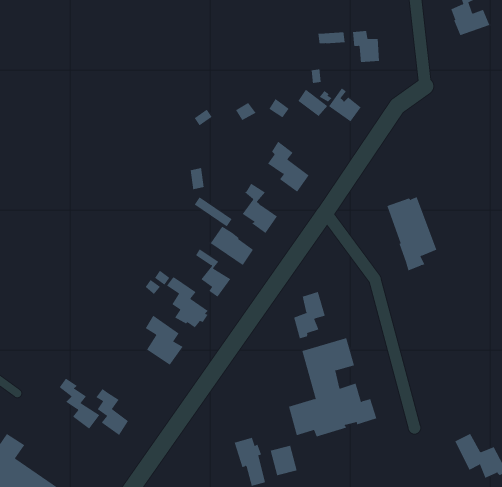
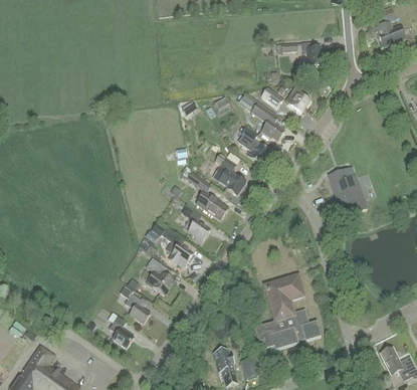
building: none -> [251,102,285,140]
building: [294,291,326,339] -> none
building: [59,378,100,430] -> [120,284,151,324]

